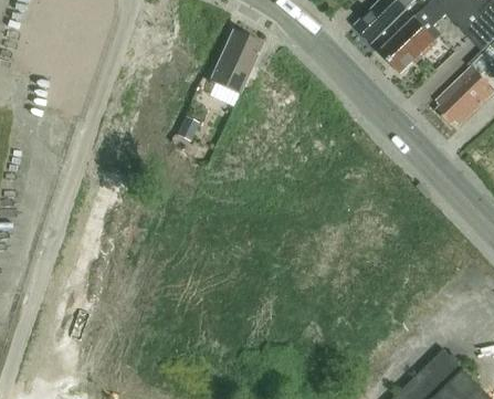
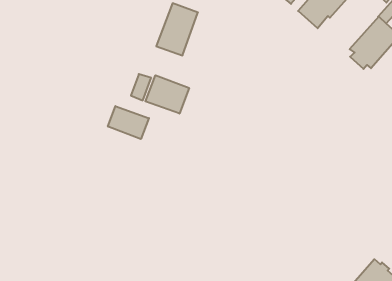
building: none -> [145,75,189,114]
building: none -> [108,106,149,139]

